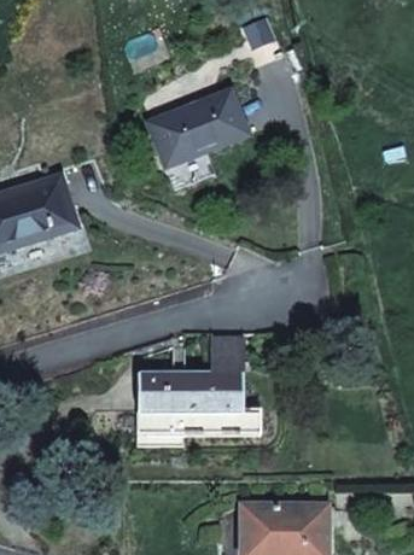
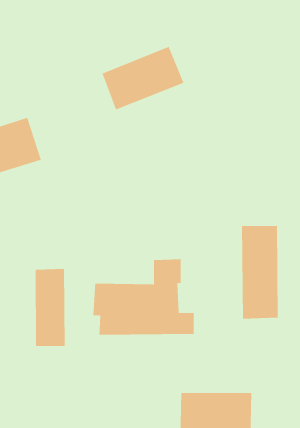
building: none -> [241,225,279,319]
building: none -> [35,268,66,347]

